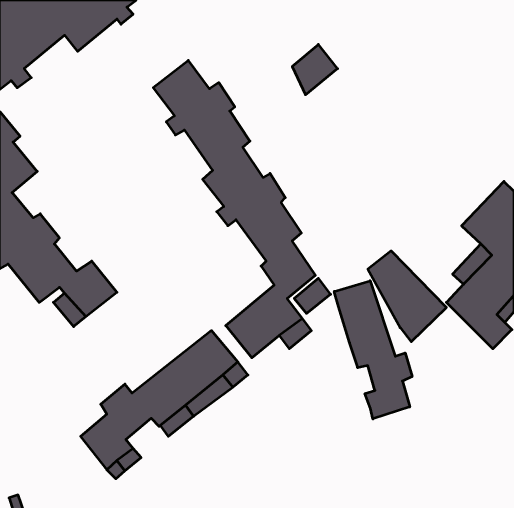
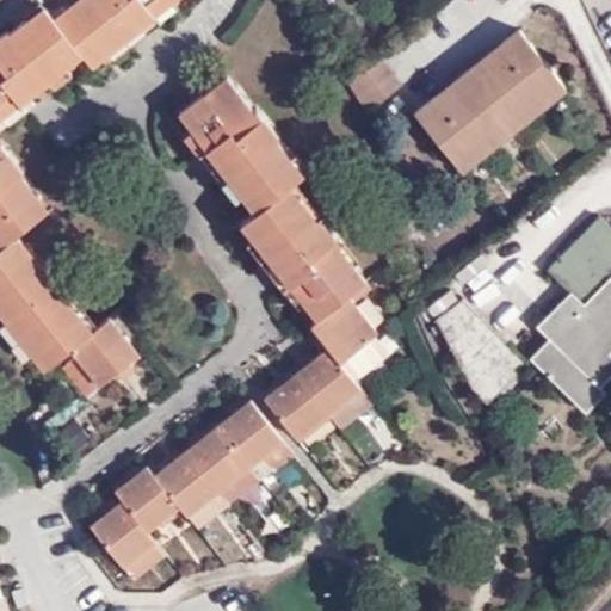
building: none -> [414,35,564,178]
building: [334,281,412,419] -> none

